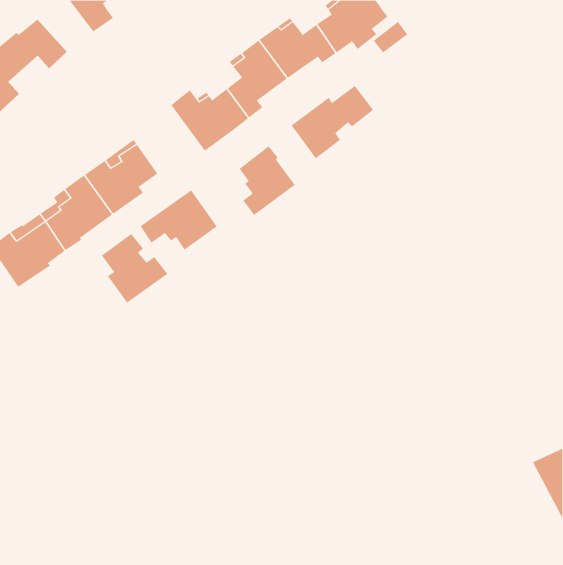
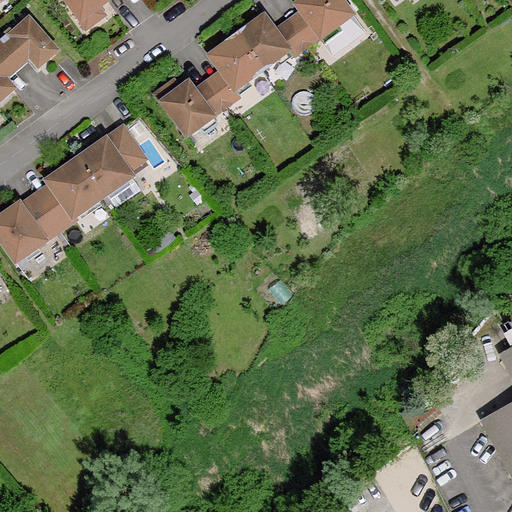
building: [291,85,374,159] -> none
building: [239,145,296,216] -> none
building: [140,189,217,250] -> none
building: [101,233,168,303] -> none

